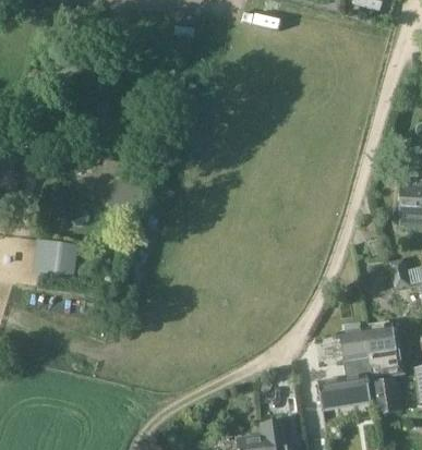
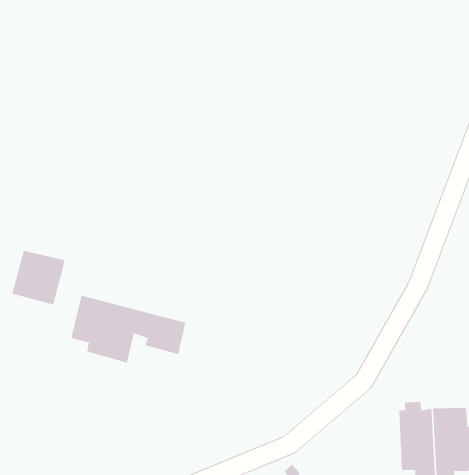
building: none -> [71,295,186,363]

